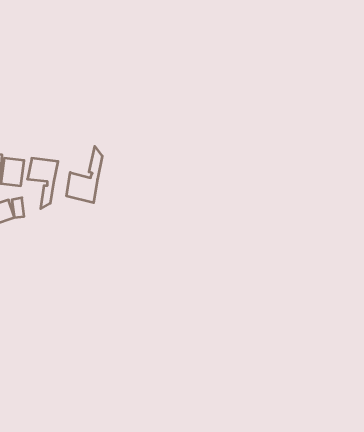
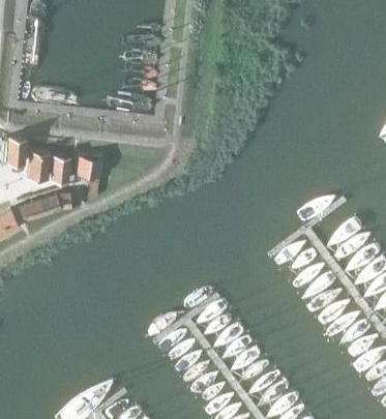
building: [67,146,102,203] -> none

